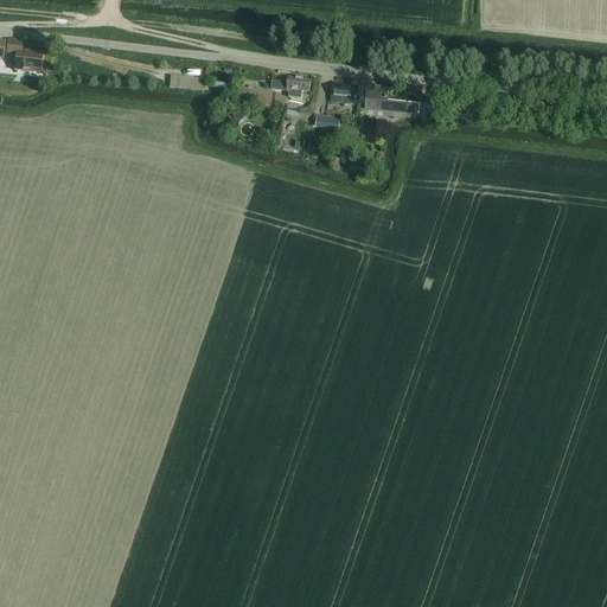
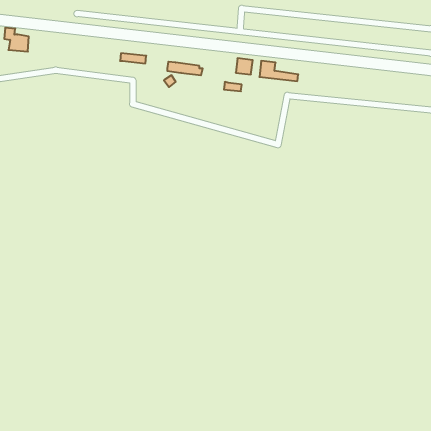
building: [270,76,309,98] -> none

